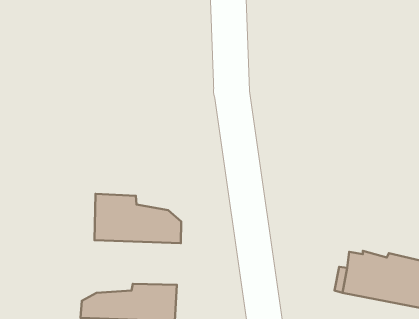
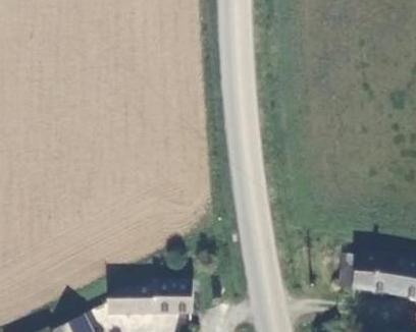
building: [95,194,181,243] -> none

